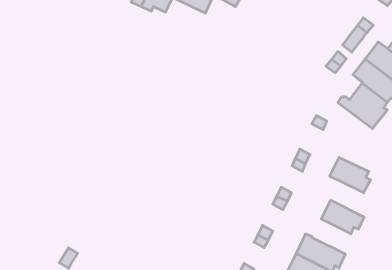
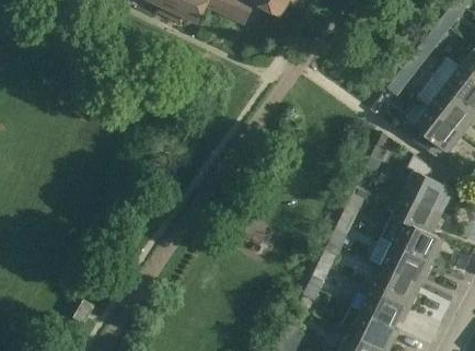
building: none -> [399,153,451,209]
building: none -> [390,220,437,262]
building: none -> [368,265,415,306]

